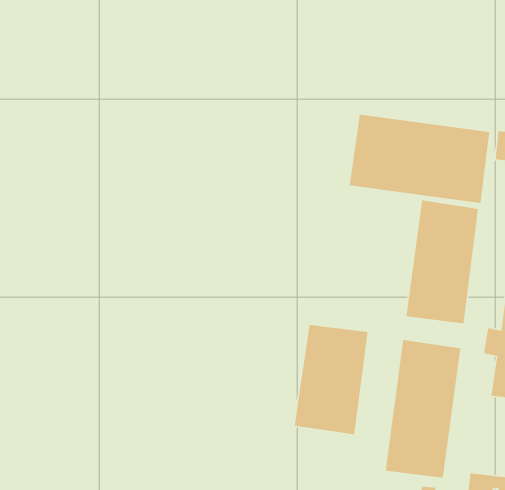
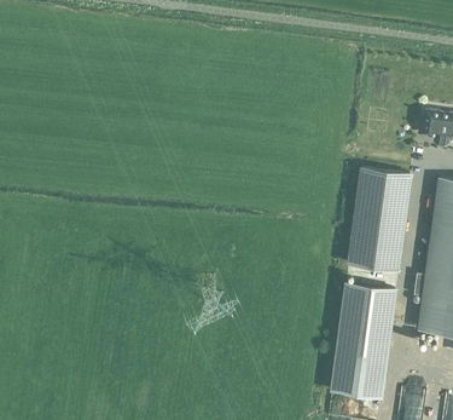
building: [349,114,490,204] -> none
building: [294,324,368,435] -> none

